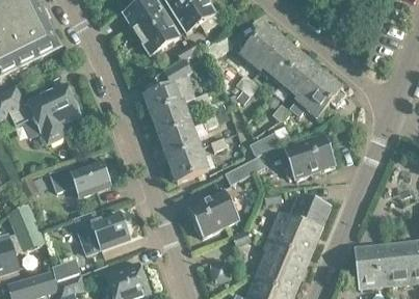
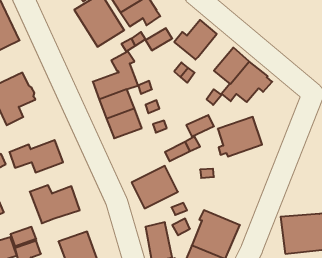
building: [263,40,303,82] -> none
building: [168,146,208,181] -> none
building: [269,194,332,255] -> none

